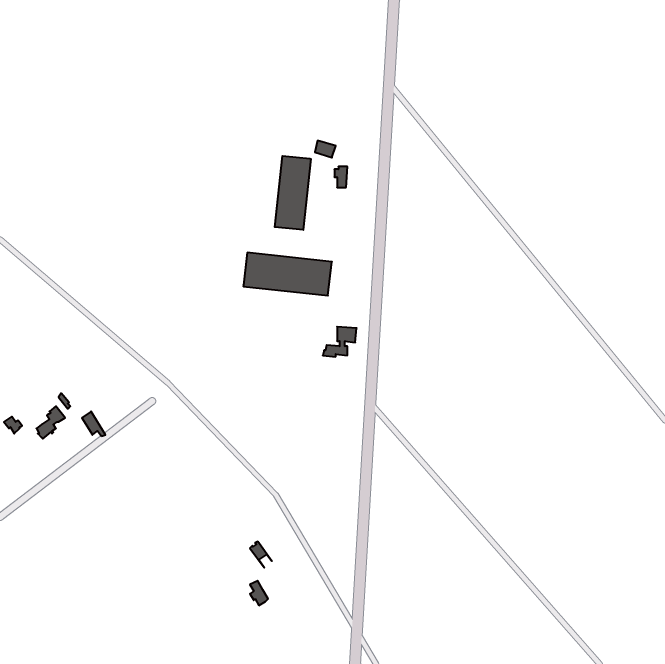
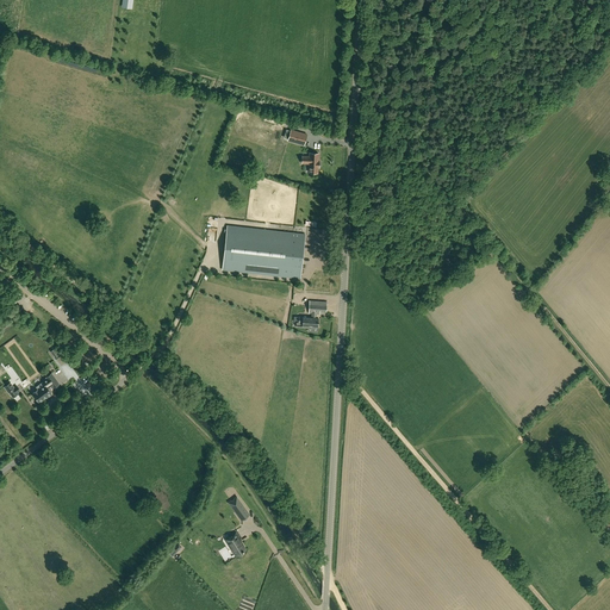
building: [275,156,311,230] -> none

